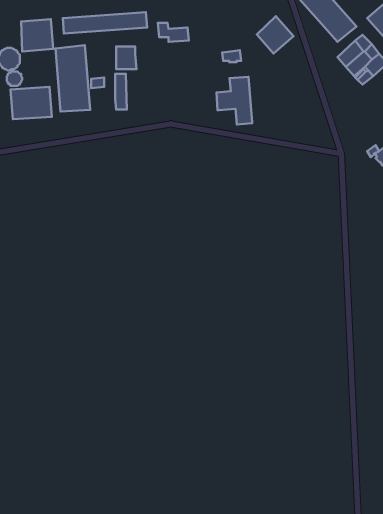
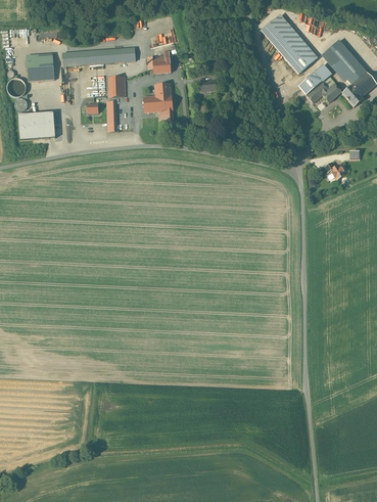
building: [257,16,294,54] -> none
building: [55,45,90,111] -> none
building: [216,77,252,124] -> [143,83,174,124]

